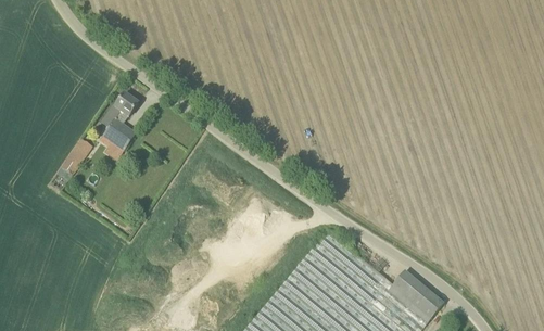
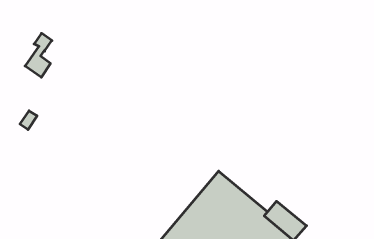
building: [100,97,136,155] -> [25,33,52,77]

